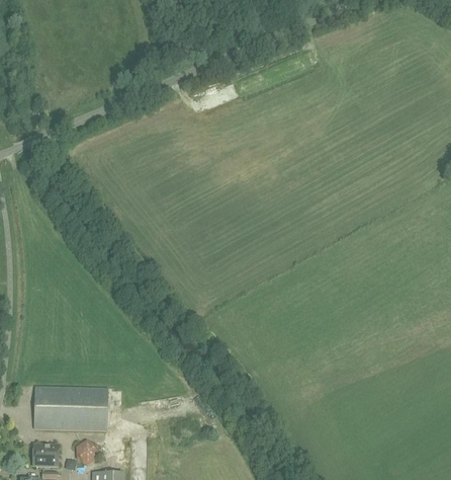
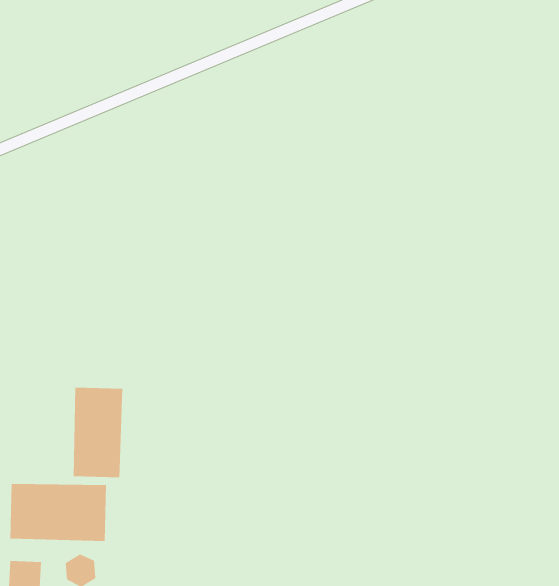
building: none -> [73,387,123,478]

